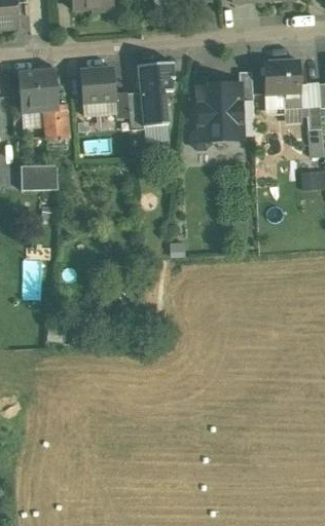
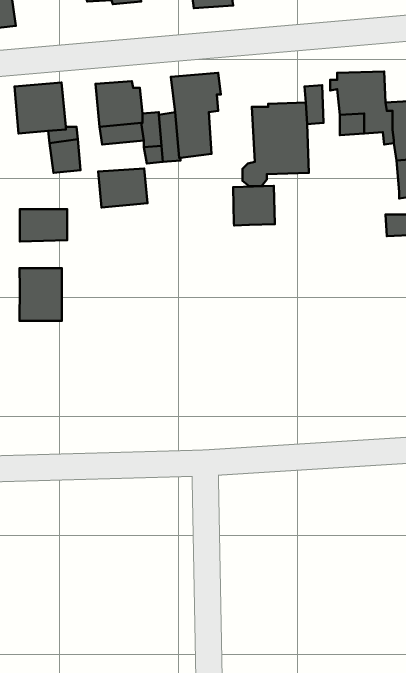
building: none -> [98,168,147,207]
building: none -> [233,186,275,225]
building: none -> [20,268,62,321]

